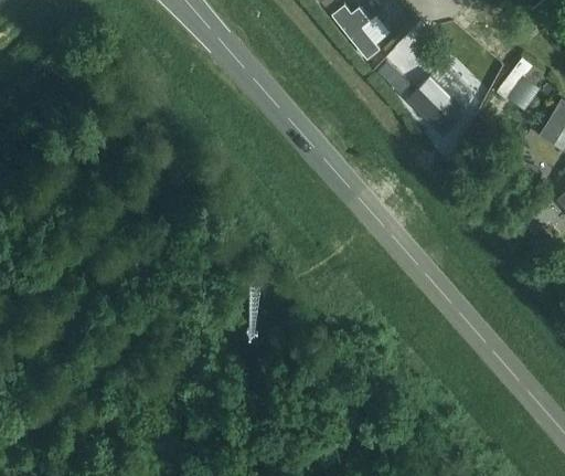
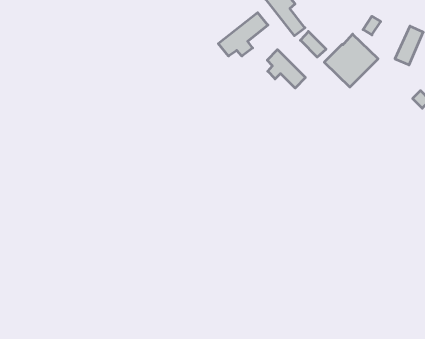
building: none -> [218,13,268,56]
building: none -> [267,50,305,88]

